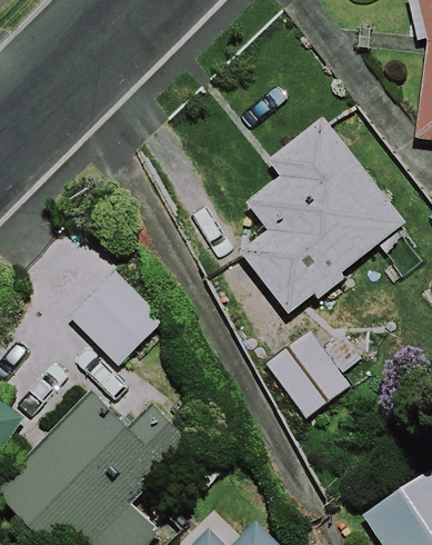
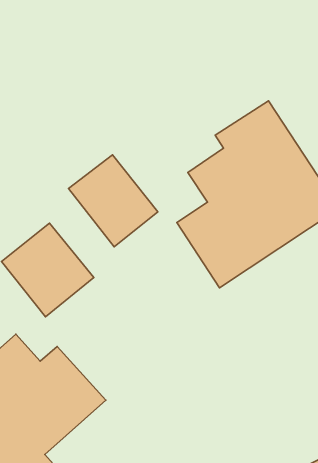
building: none -> [69,155,158,247]
building: [265,329,350,418] -> none

